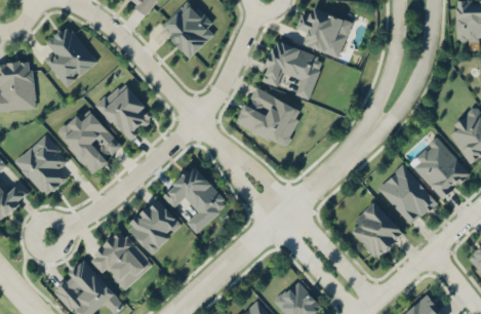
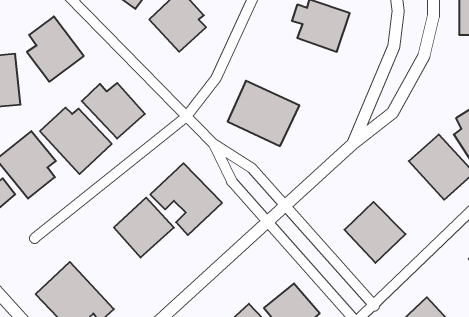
building: [259,39,325,100] -> none
building: [377,164,438,227] -> none
building: [90,229,154,292] -> none

